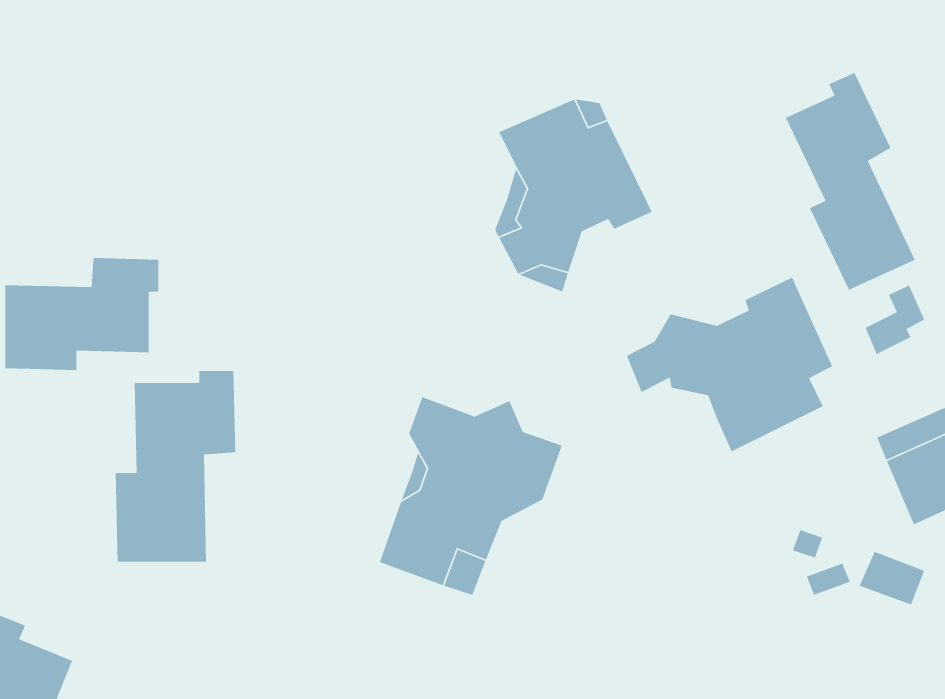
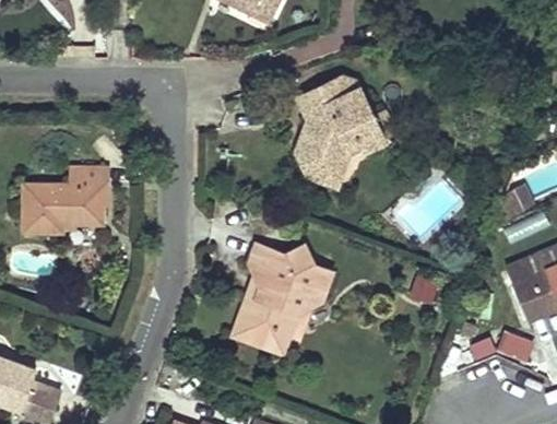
building: [785,72,916,291] -> none
building: [626,277,833,452] -> none
building: [115,370,236,562] -> none

